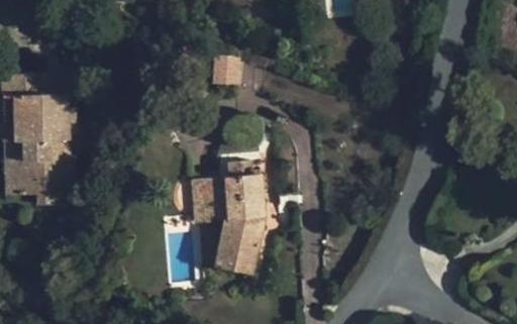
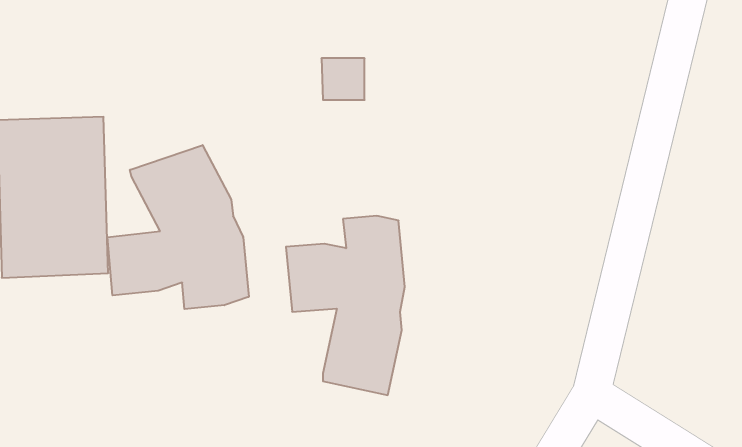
building: none -> [107,145,249,309]

